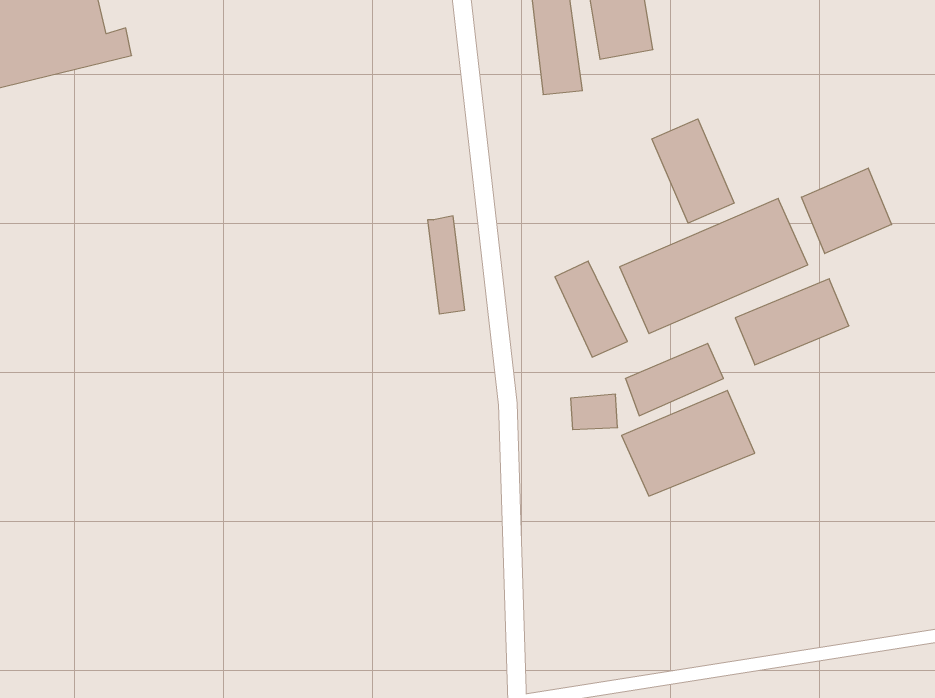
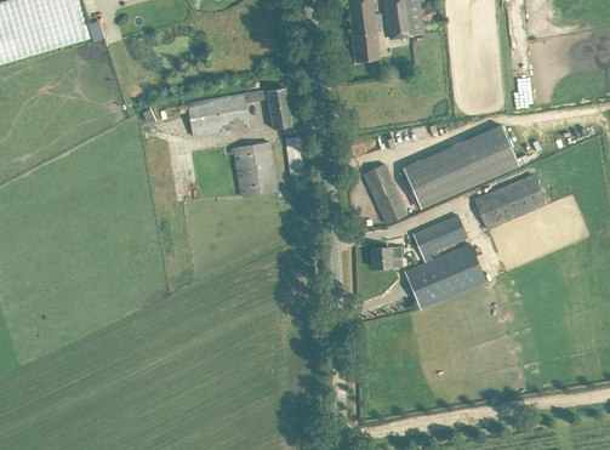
building: [652,119,734,223] -> none
building: none -> [186,86,291,136]
building: [801,168,892,254] -> none
building: none -> [233,142,277,195]

